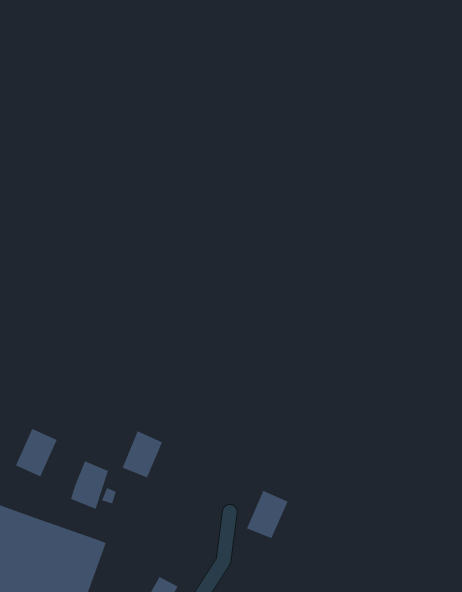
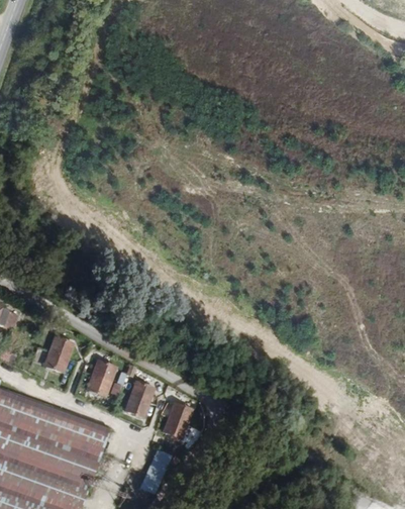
building: [122,430,163,478] -> [122,384,155,421]
building: [246,490,288,539] -> [163,404,196,442]

